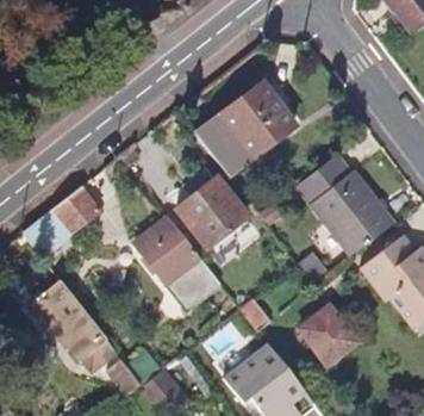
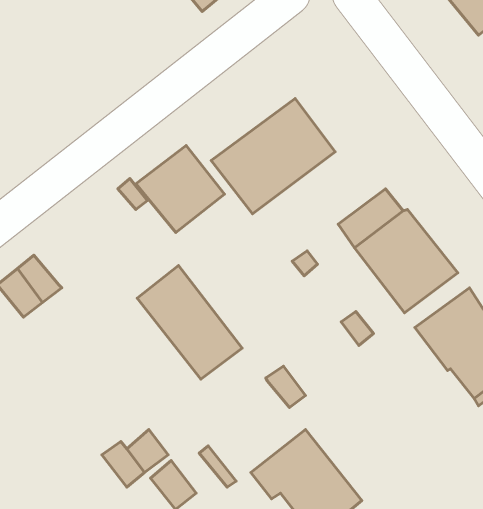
building: [176,178,248,248] -> [136,145,225,233]
building: [52,186,100,232] -> none
building: [44,280,116,368] -> none
building: [304,310,357,365] -> none

